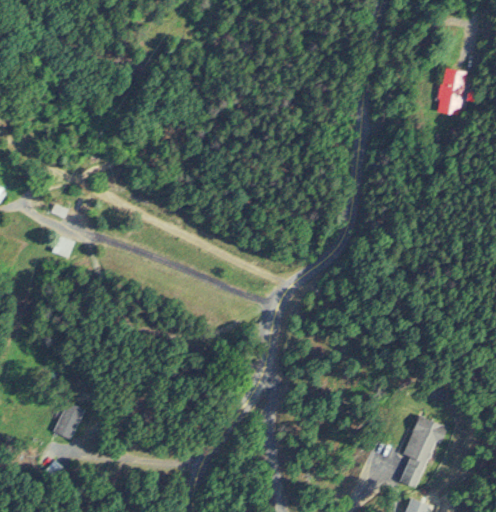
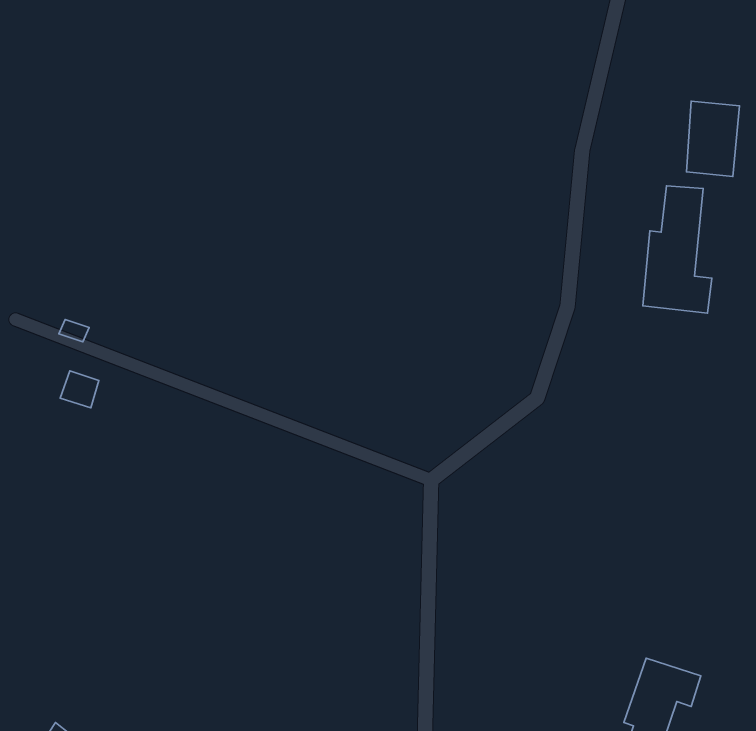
building: none -> [643,186,712,313]
building: [52,401,85,441] -> none

